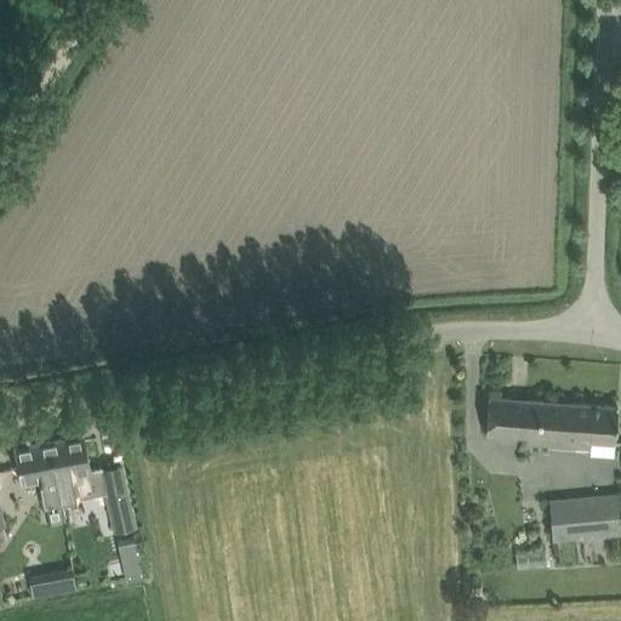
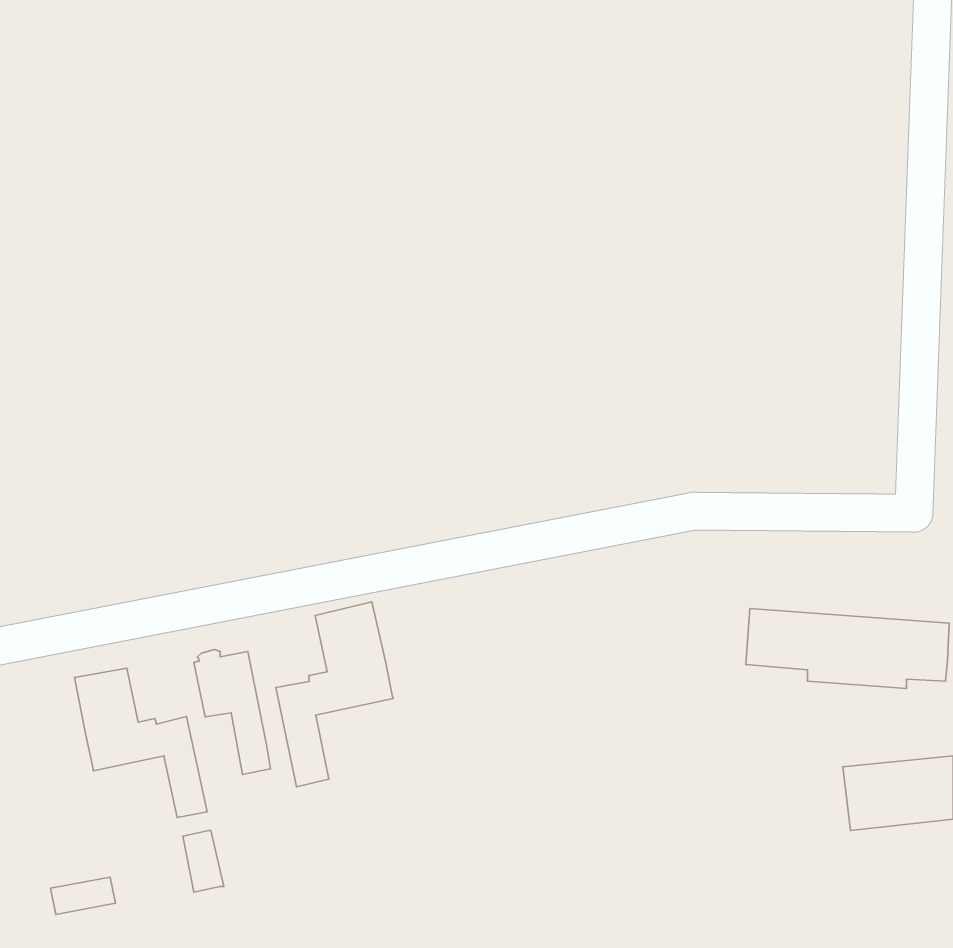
building: none -> [276,602,393,787]
building: [13,443,63,524] -> [194,650,270,775]

